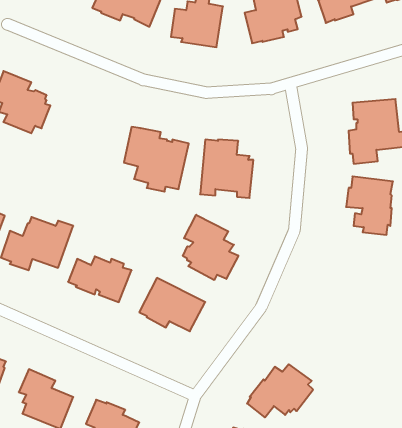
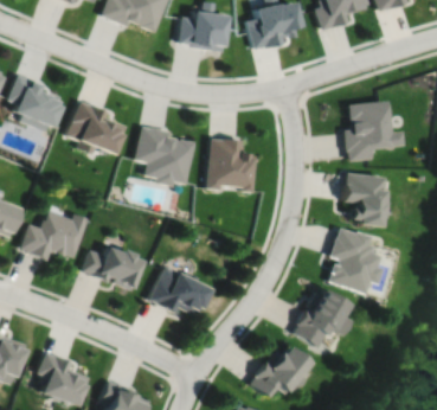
building: none -> [71,101,126,154]
building: [183,215,238,280] -> none
building: none -> [327,228,383,294]
building: none -> [293,289,351,347]

